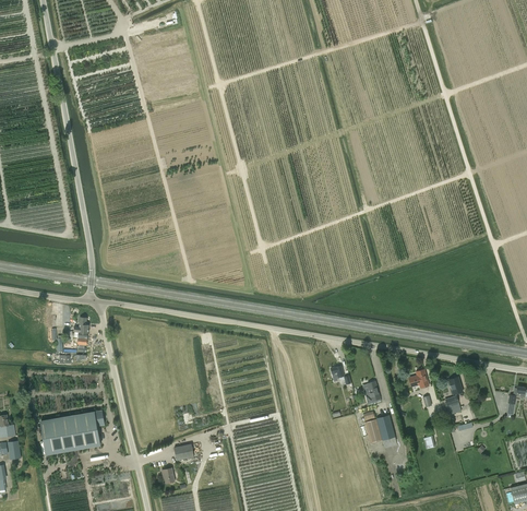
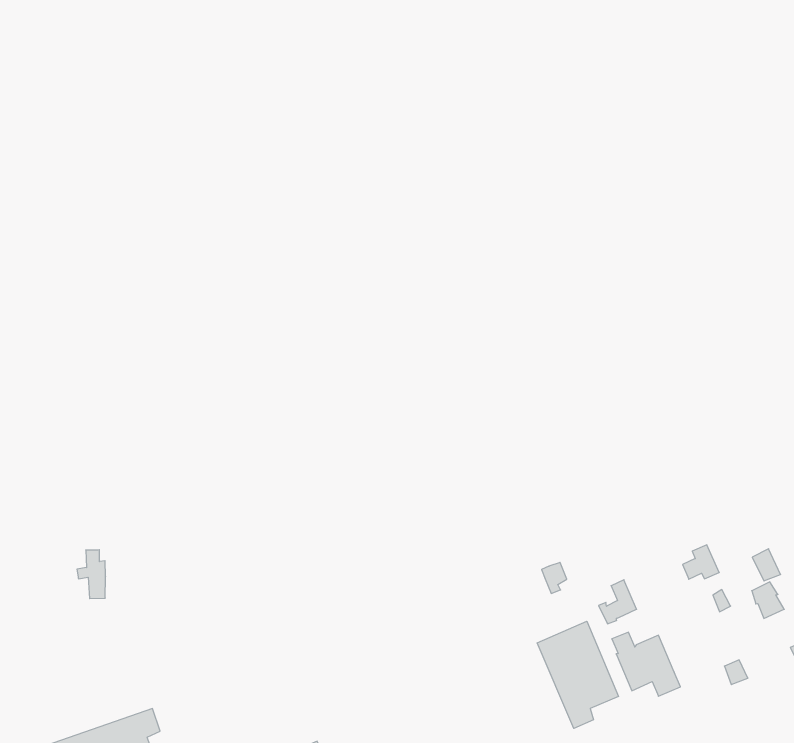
building: none -> [537,621,619,728]

